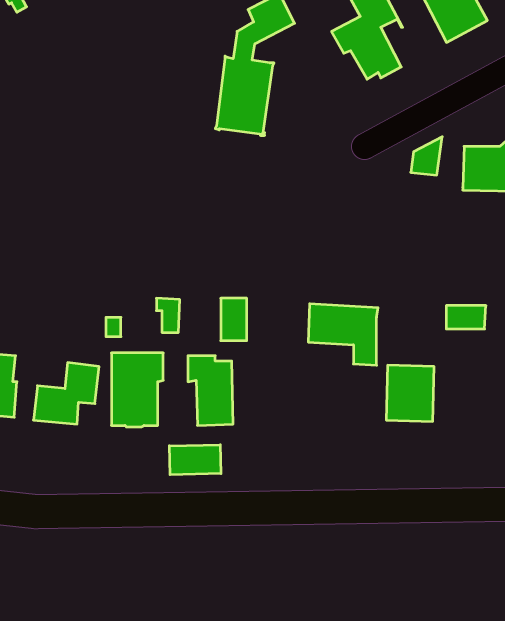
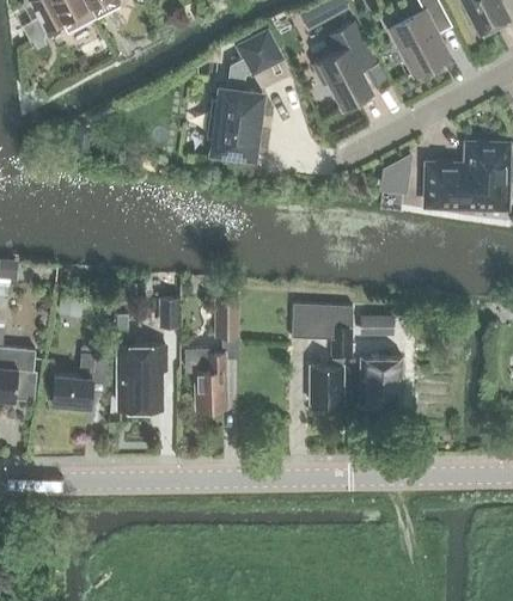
building: [446,306,486,329] -> [360,315,395,336]
building: none -> [310,367,343,405]
building: [169,445,221,475] -> none

